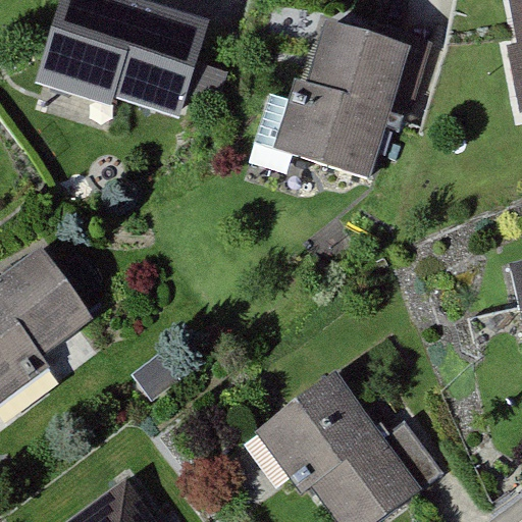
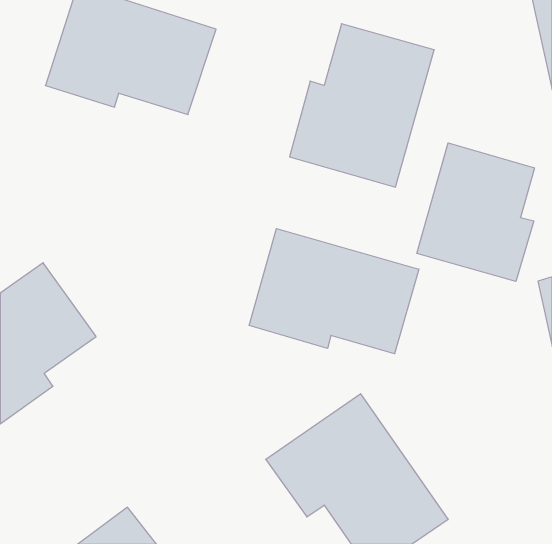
building: none -> [417,143,535,281]
building: none -> [249,229,419,354]

